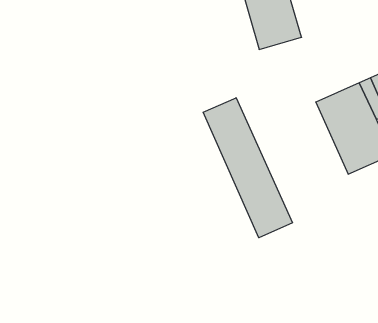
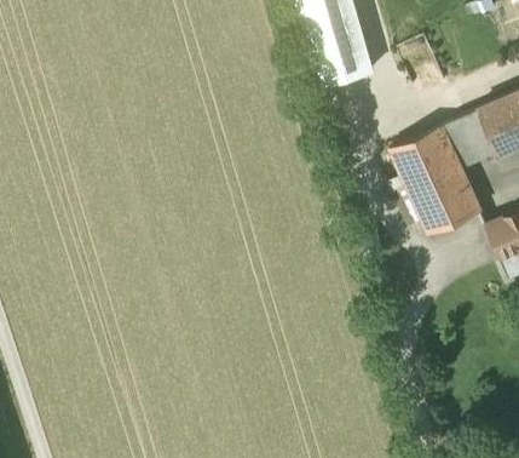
building: [203,98,292,238] -> none

